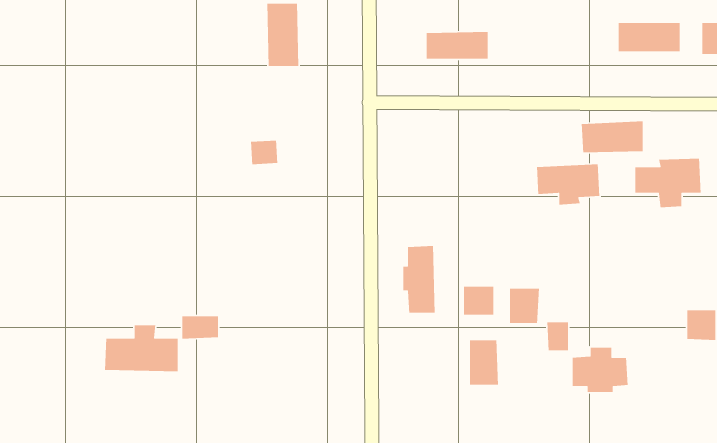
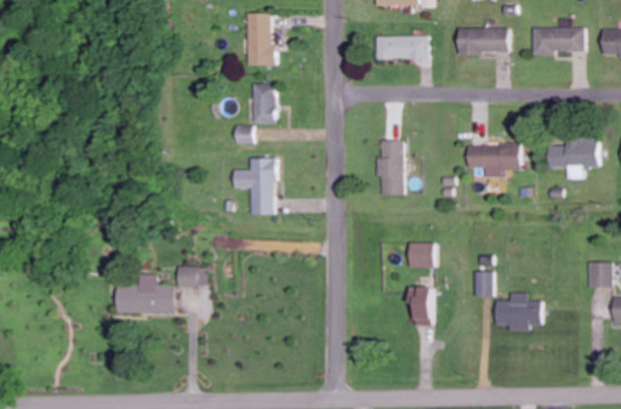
building: none -> [252,83,274,123]
building: [581,121,644,153] -> [455,27,506,53]
building: none -> [232,158,273,214]
building: [403,245,435,314] -> [376,140,403,195]
building: [509,288,540,324] -> none

